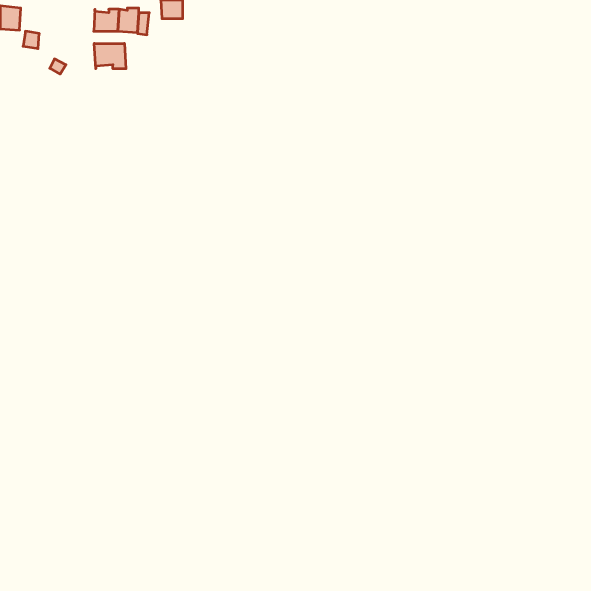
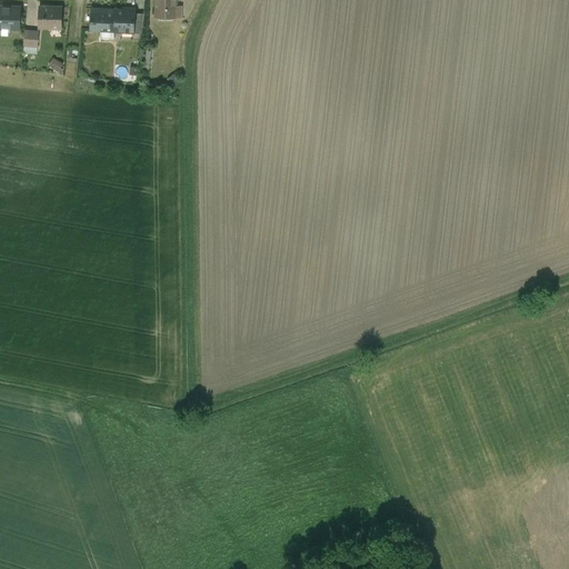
building: none -> [38,7,61,28]
building: [94,43,126,69] -> none

